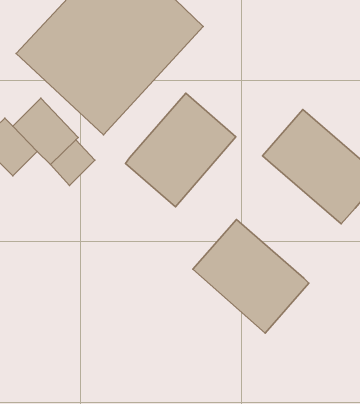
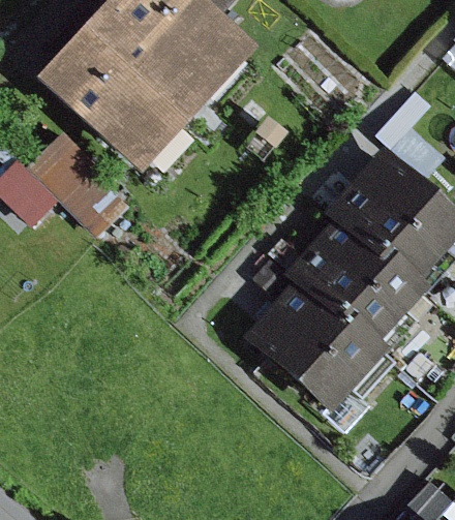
building: [125,93,236,207] -> none
building: none -> [285,208,427,344]

